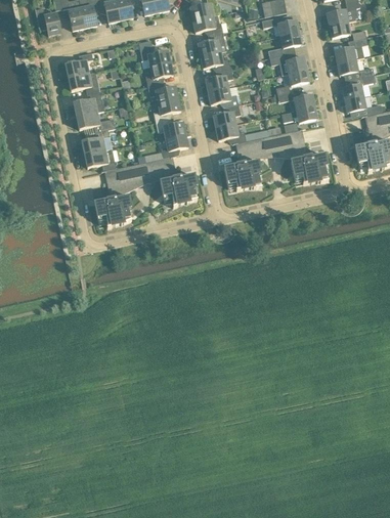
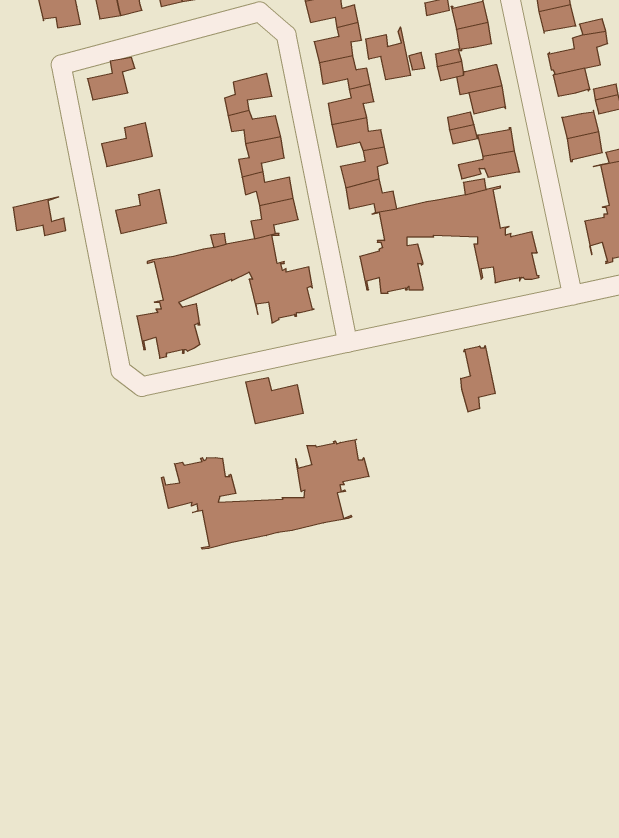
building: none -> [366,27,411,80]
building: [138,38,170,66] -> none
building: [69,71,99,92] -> none
building: [77,109,107,131] -> [13,197,66,236]
building: [85,147,116,169] -> none
building: none -> [461,346,495,412]
building: none -> [246,378,303,424]
building: none -> [162,439,369,549]

